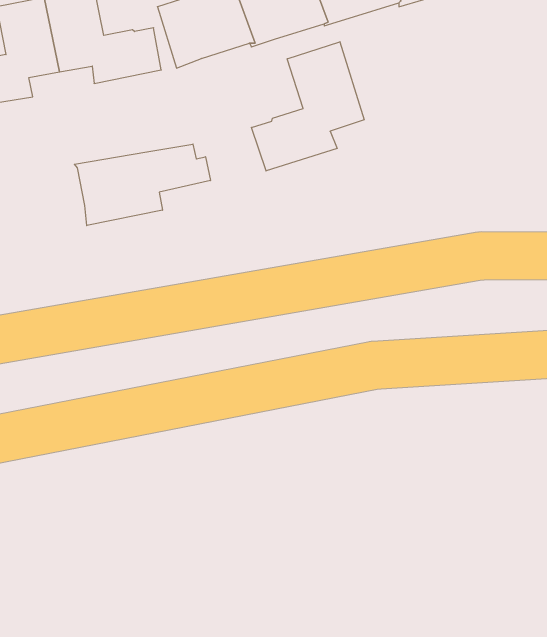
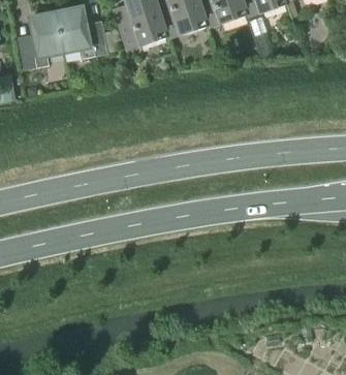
building: [251,42,364,171] -> none
building: [74,144,210,226] -> none

